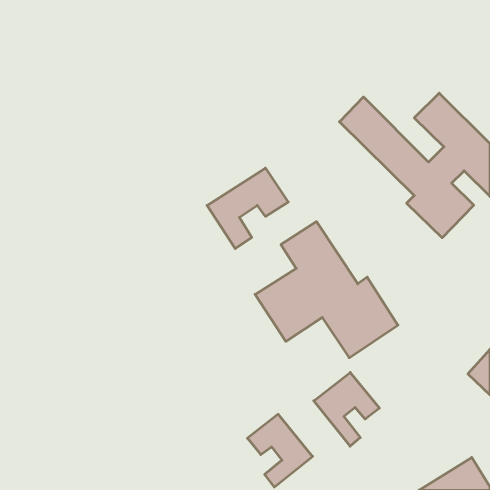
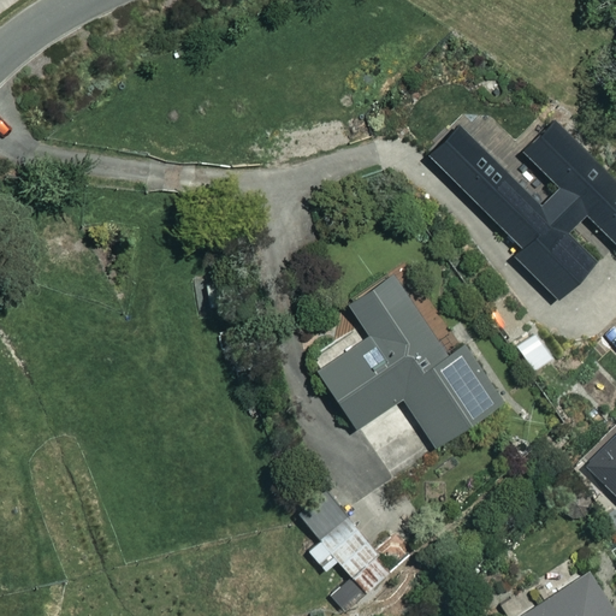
building: [207,168,288,249] -> none
building: [314,372,379,446] -> none

